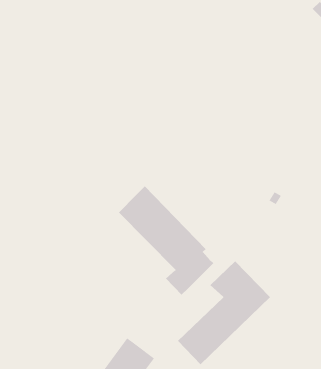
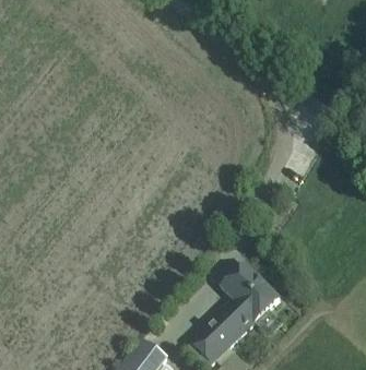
building: [118,185,215,296] -> none

